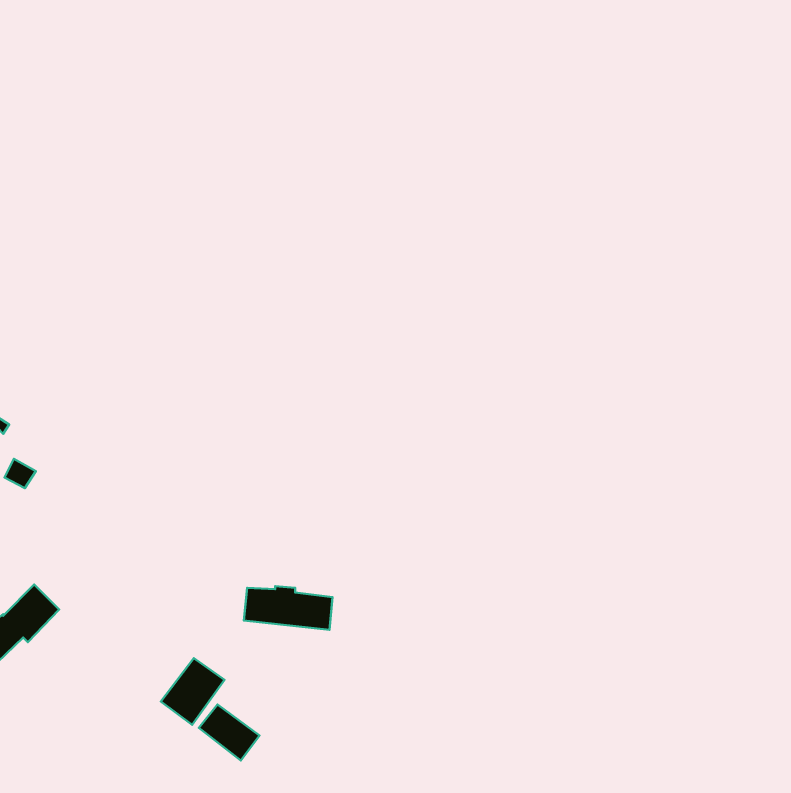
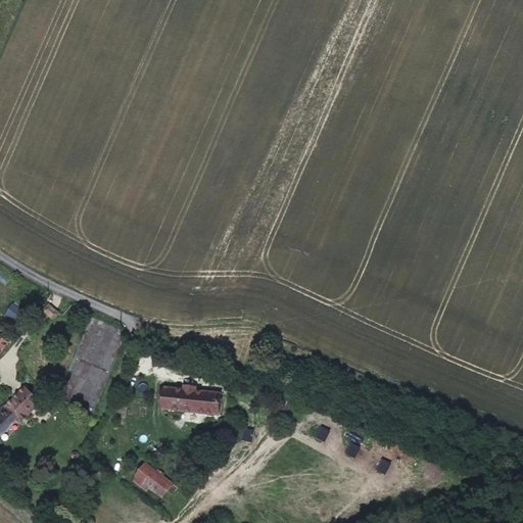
building: [161,658,224,725] -> none

